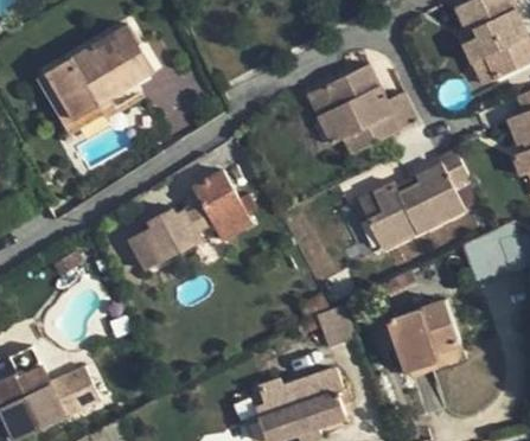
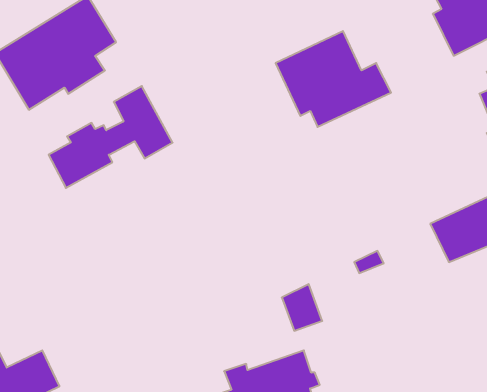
building: [356,149,467,247] -> none
building: [132,172,251,270] -> [49,86,173,188]
building: [378,301,466,381] -> none

